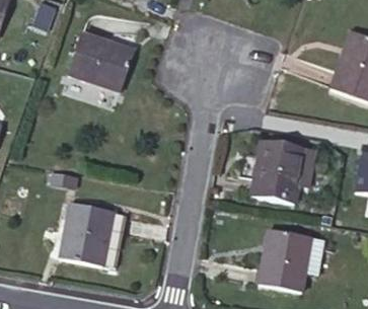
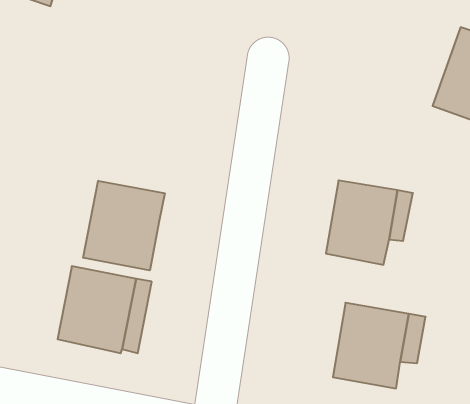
building: [69,31,135,89] -> none
building: none -> [83,181,165,270]

